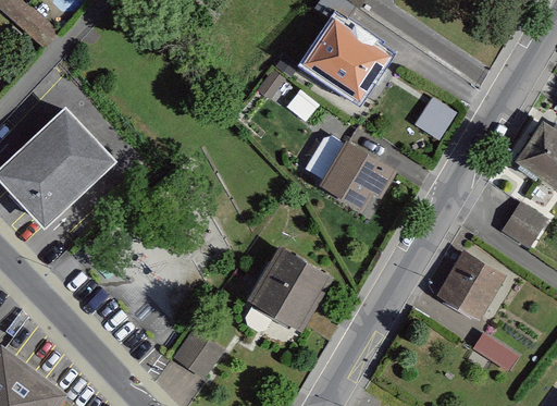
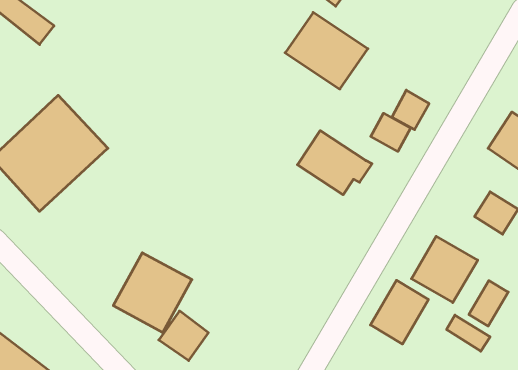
building: none -> [371,113,411,151]
building: [246,245,329,329] -> [113,253,192,333]
building: none -> [370,280,428,344]
building: none -> [469,281,508,326]

